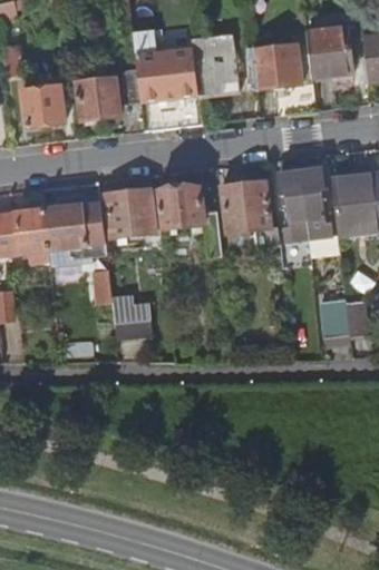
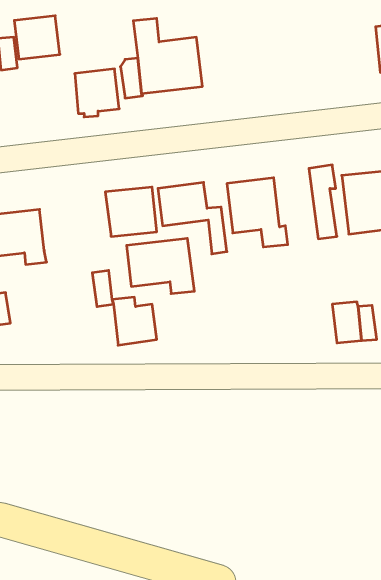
building: [307,27,351,77] -> none
building: [193,36,240,96] -> none
building: [252,41,300,89] -> none
building: [21,85,65,126] -> [14,16,60,59]
building: [278,171,309,240] -> none
building: [43,204,108,256] -> [127,238,194,294]

